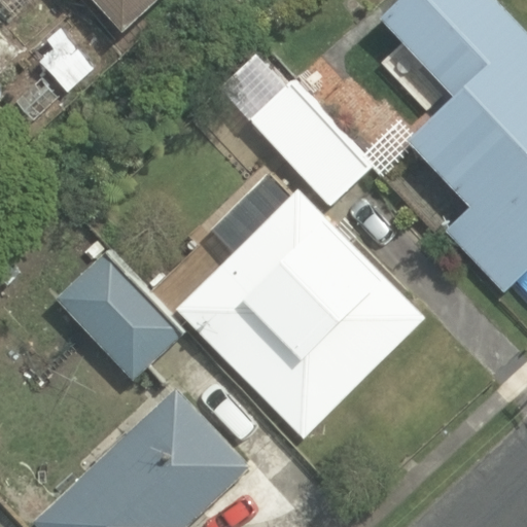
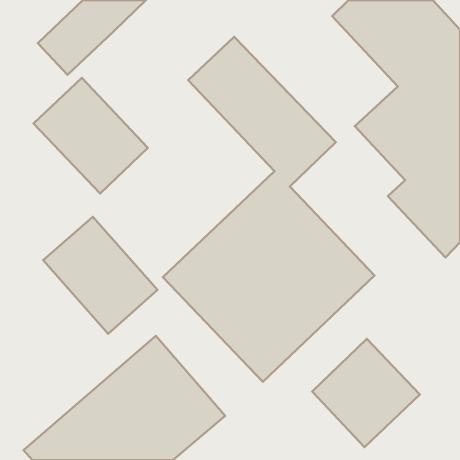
building: none -> [33,78,148,193]
building: none -> [312,339,420,447]

